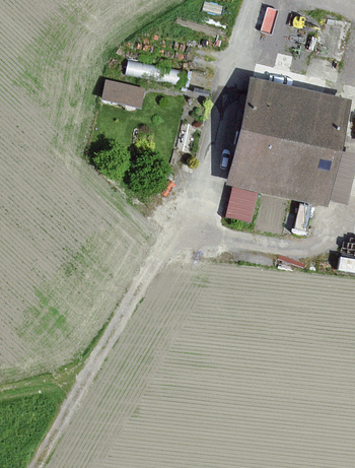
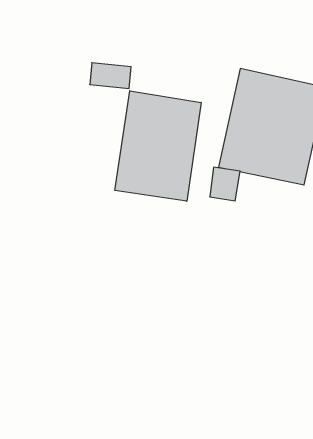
building: none -> [115,91,201,201]

